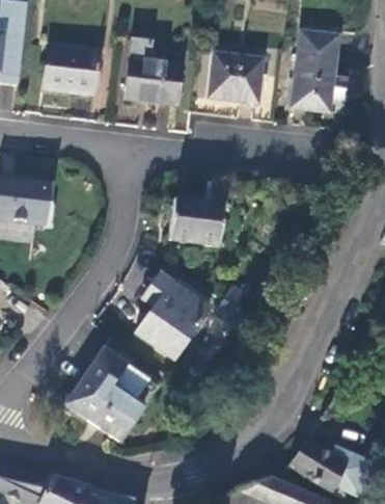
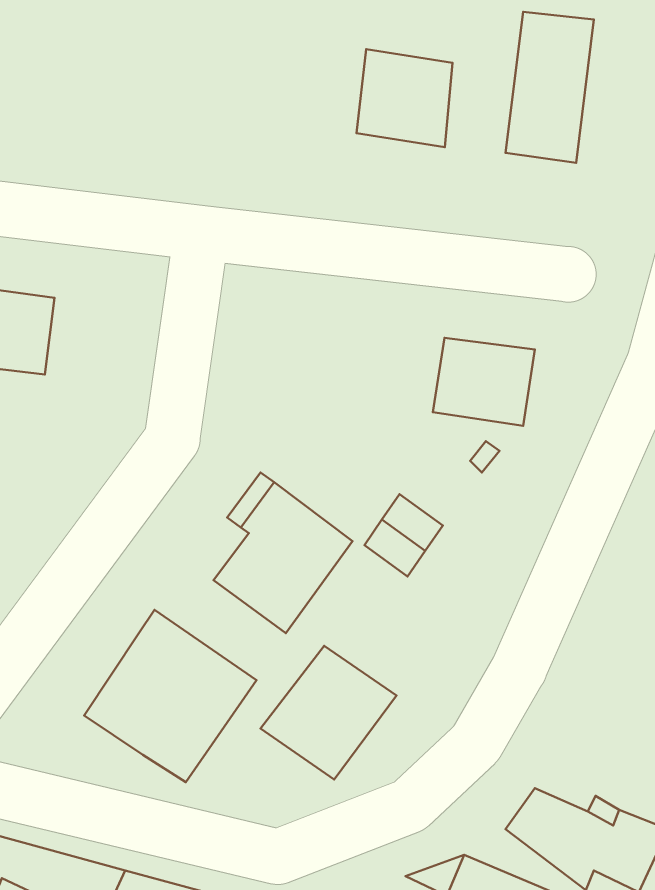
building: [126,39,181,104] -> none
building: [44,46,100,95] -> none
building: [171,201,225,247] -> [433,338,535,426]
building: none -> [260,646,396,780]

